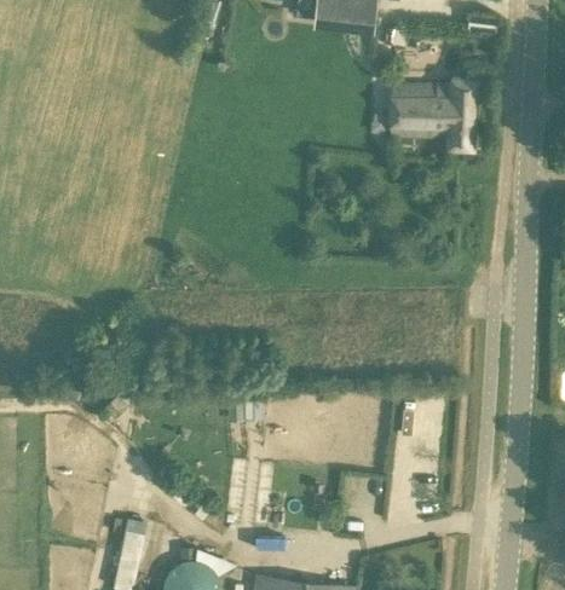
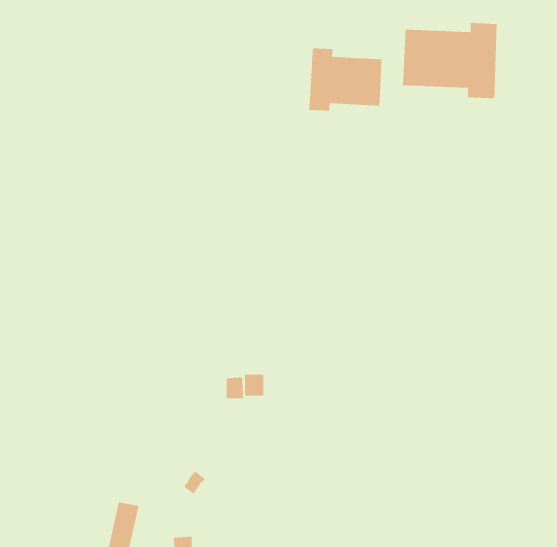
building: none -> [309,47,383,112]

